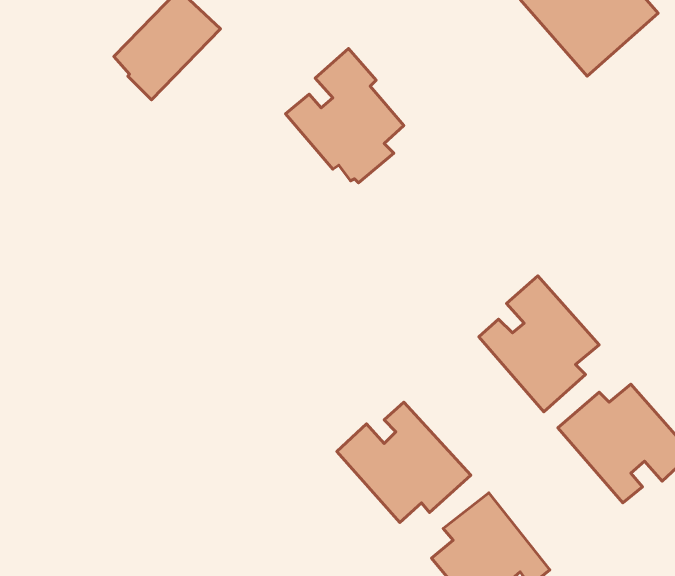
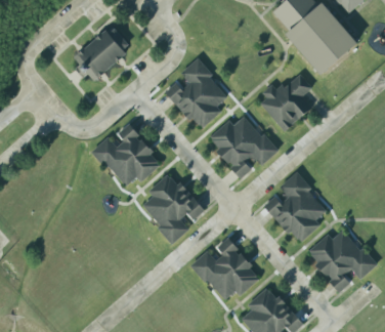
building: none -> [260,73,312,129]
building: none -> [210,116,279,177]
building: none -> [93,125,162,189]
building: none -> [141,175,205,244]

